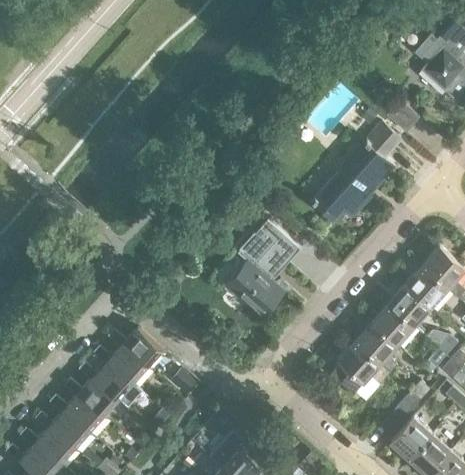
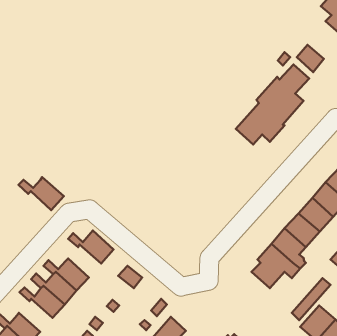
building: [226,219,299,317] -> none
building: [93,342,148,382] -> [18,177,64,210]
building: [34,408,89,448] -> none

